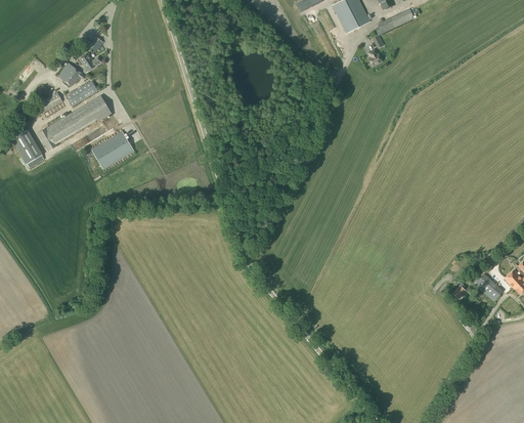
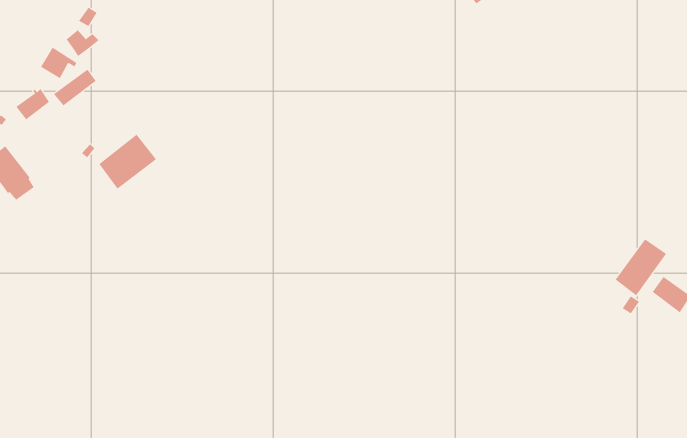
building: [38,95,112,151] -> none
building: none -> [615,239,667,296]

